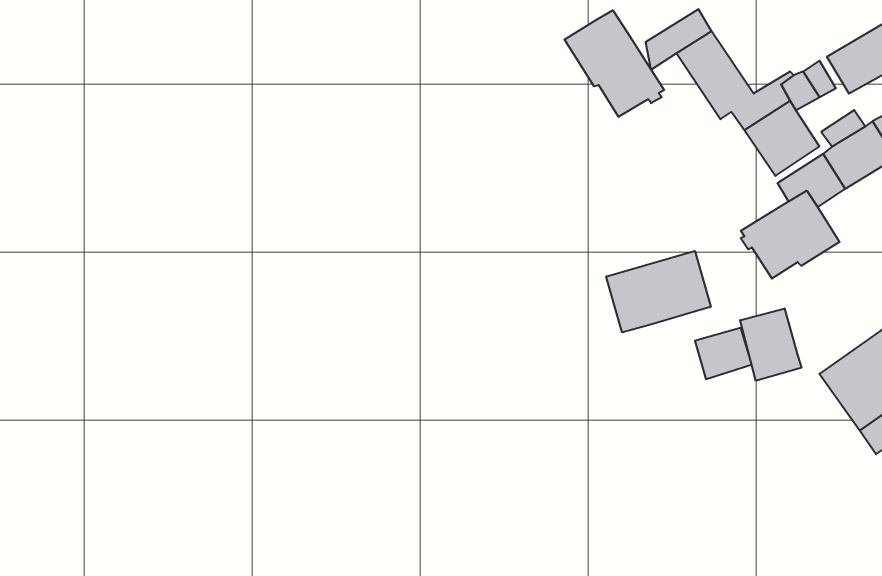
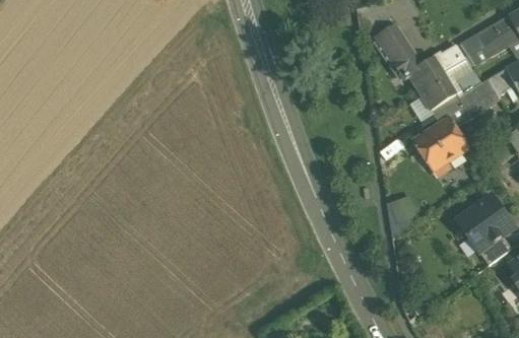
building: [564,10,664,117] -> none
building: [606,251,711,332] -> none
building: [740,308,801,381] -> none

